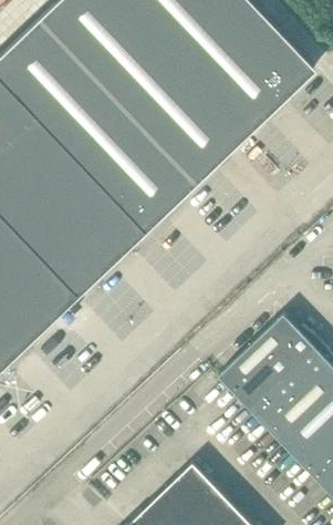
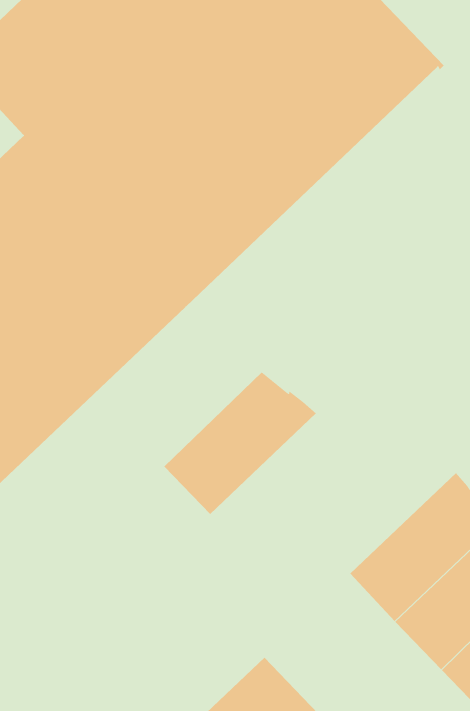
building: [220,315,322,410] -> [164,371,317,515]

